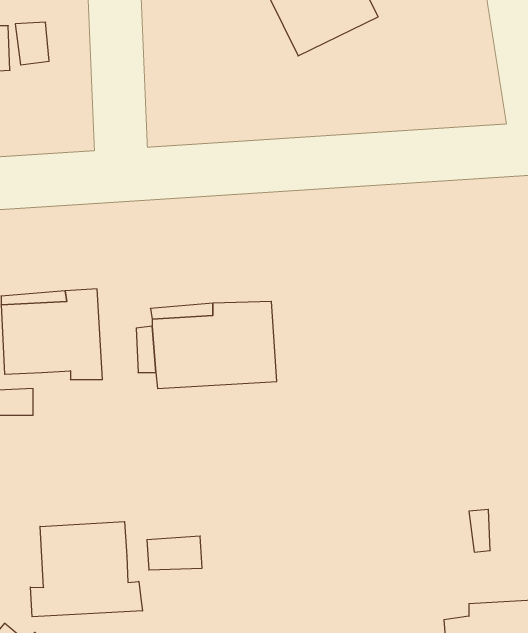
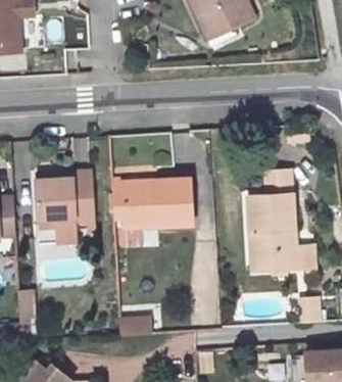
building: none -> [249,172,297,271]
building: [30,522,142,617] -> none

